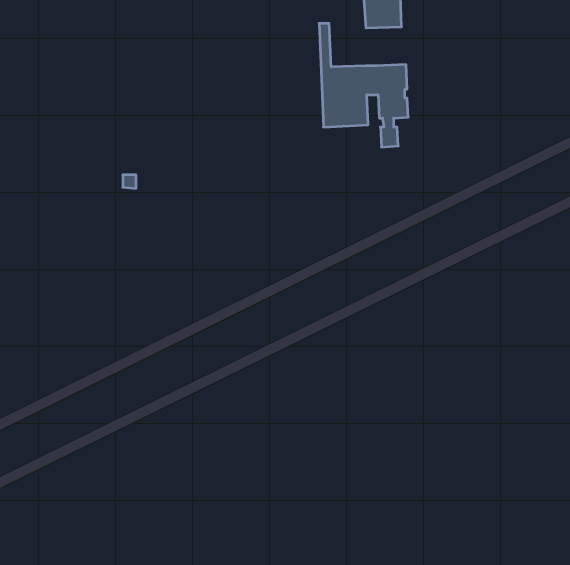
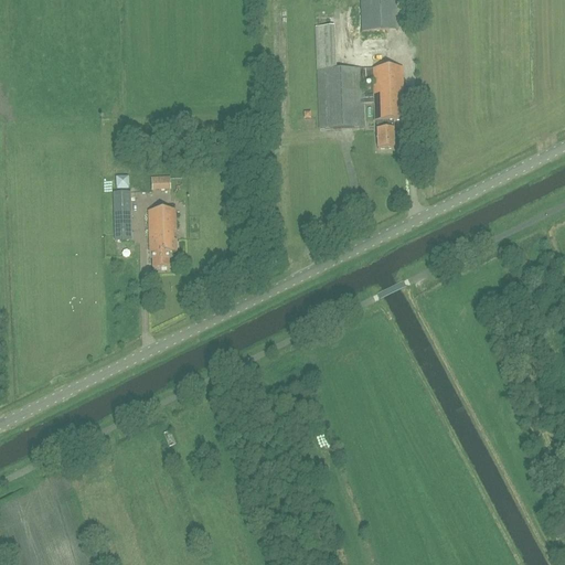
building: none -> [113,189,131,237]
building: none -> [148,206,177,265]

